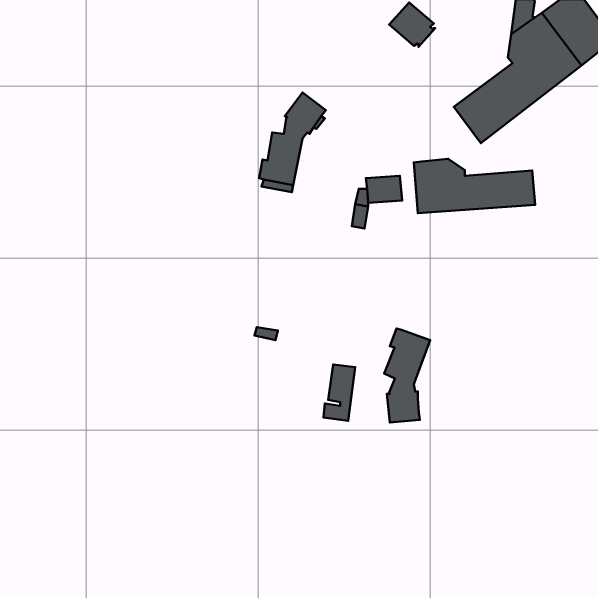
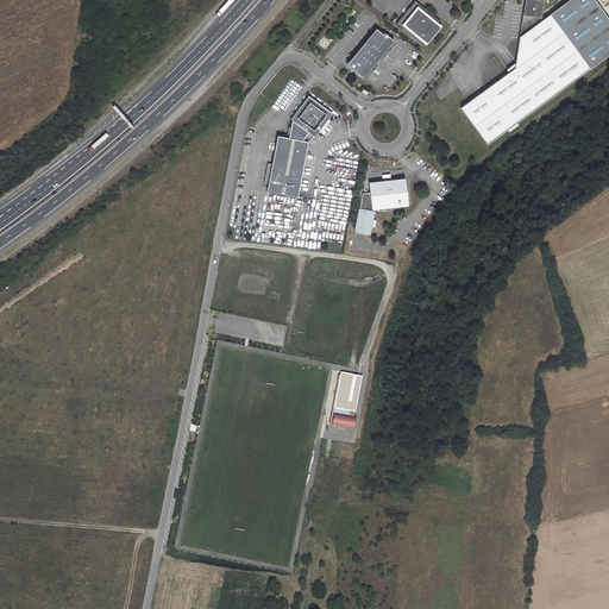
building: none -> [351,29,394,76]
building: [414,159,535,213] -> none
building: [384,329,430,422] -> none

